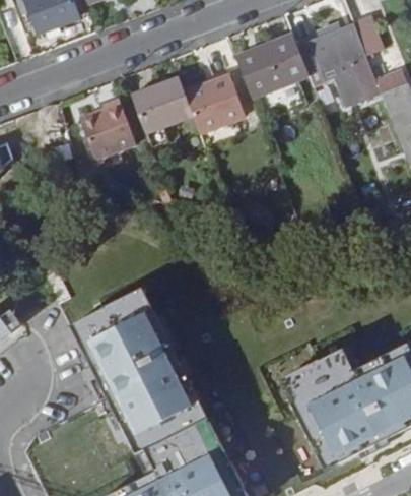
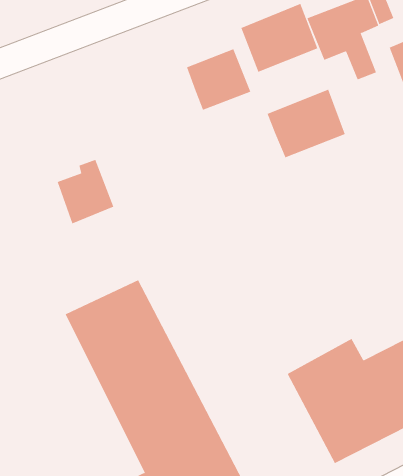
building: [133,79,194,148] -> none
building: [82,100,136,161] -> [57,159,114,224]
building: none -> [267,89,345,158]

